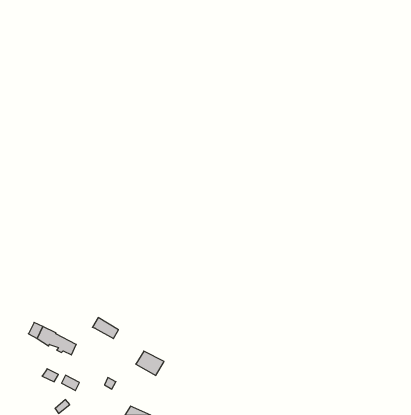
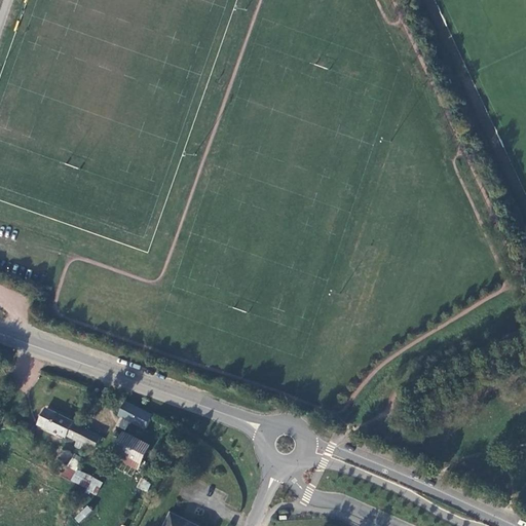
building: [136,351,164,375] -> [113,434,149,464]

